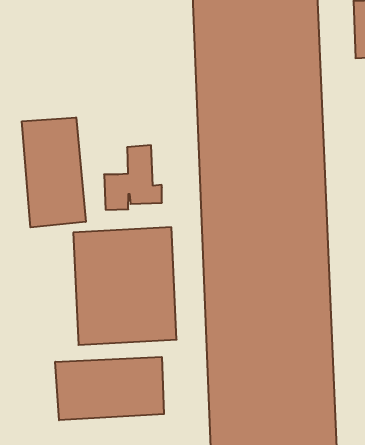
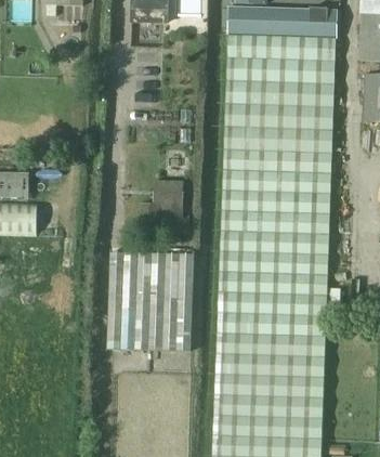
building: [22,117,86,227] -> none
building: [55,357,164,420] -> none

